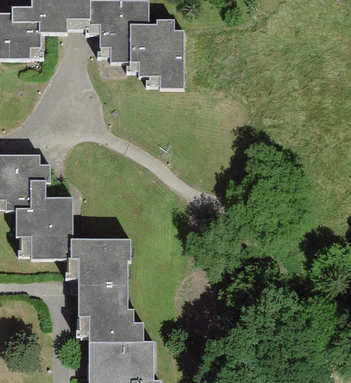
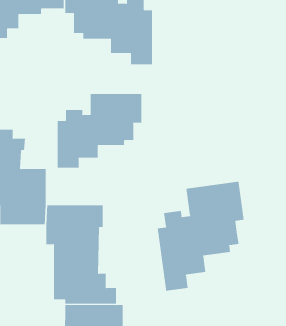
building: none -> [57,93,142,169]
building: none -> [157,181,244,292]

